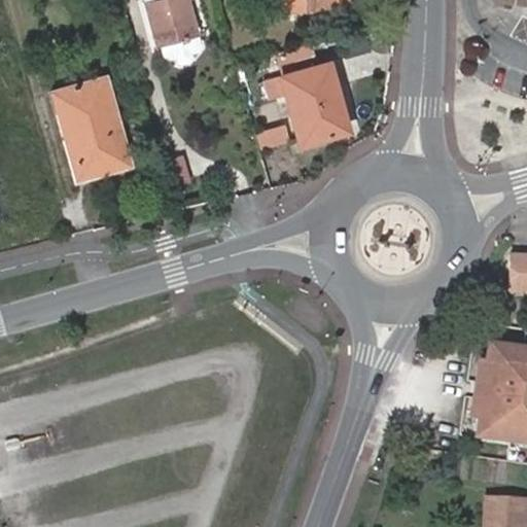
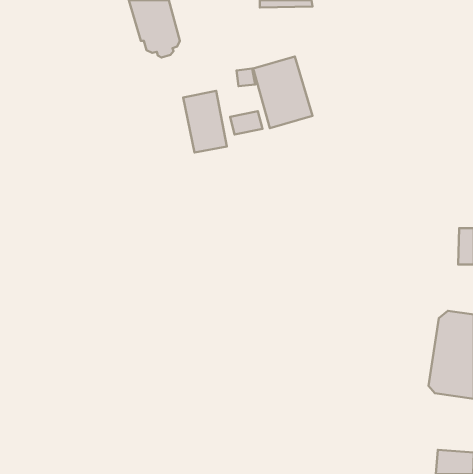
building: [52,76,130,179] -> none
building: none -> [183,91,227,153]

